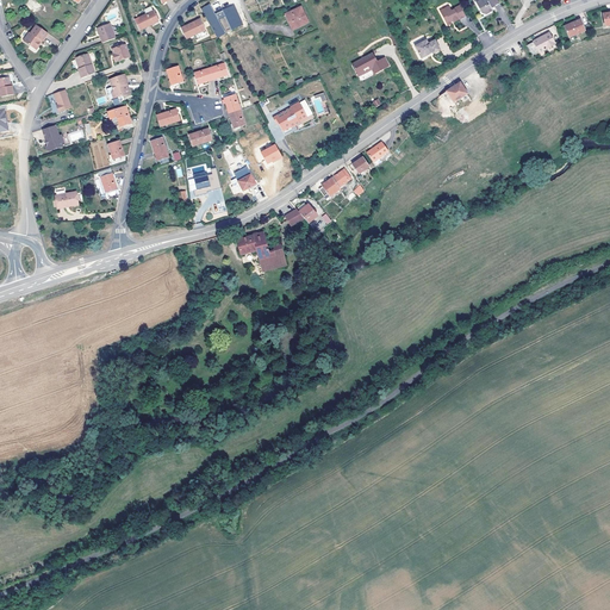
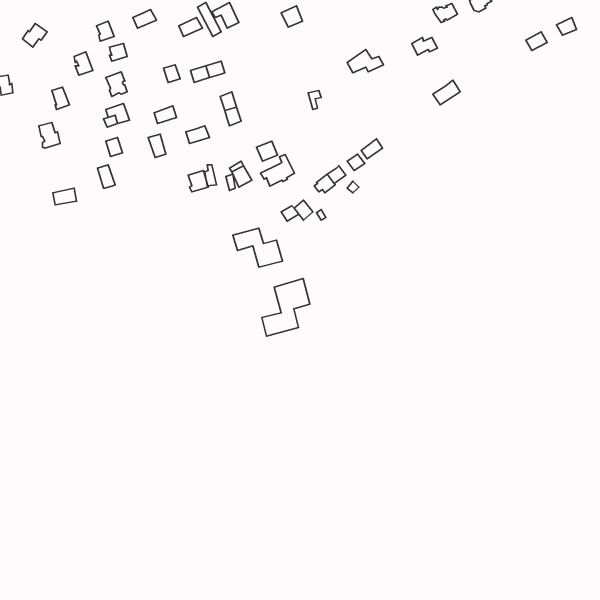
building: [272,98,306,130] -> [261,154,295,186]
building: none -> [262,279,310,336]

